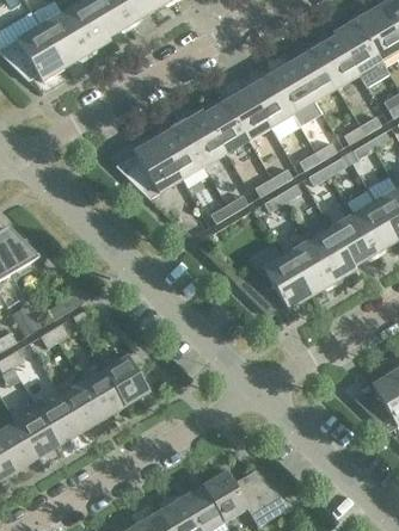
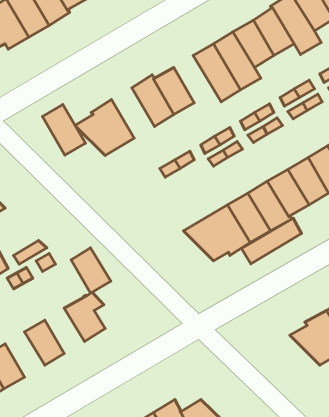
building: [225,88,270,141] -> none
building: [155,124,203,180] -> [42,105,85,155]
building: none -> [242,218,302,264]
building: [81,369,125,419] -> [71,248,111,293]
building: [37,395,81,445] -> none

